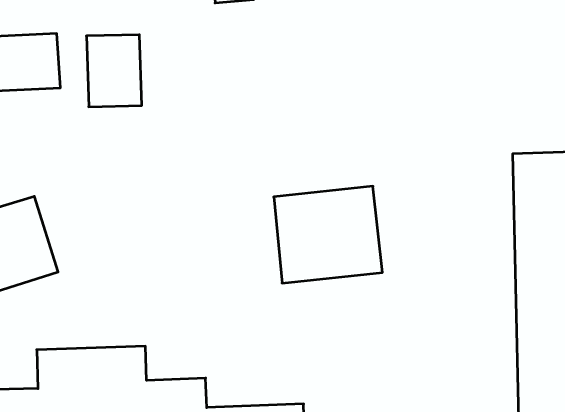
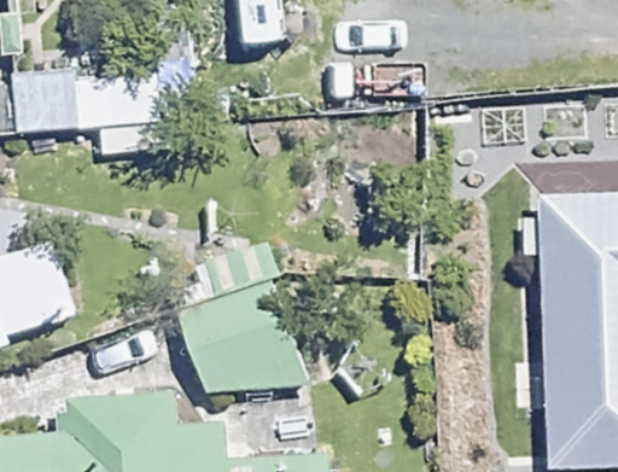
building: [274,186,382,283] -> [192,292,303,391]

